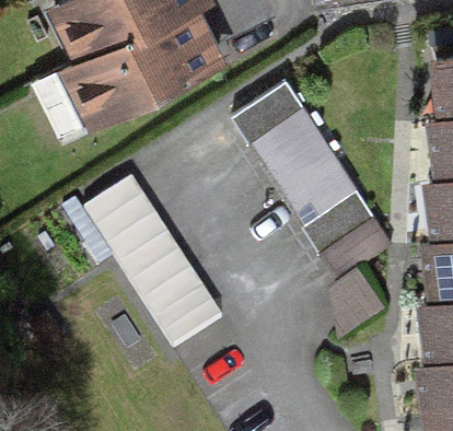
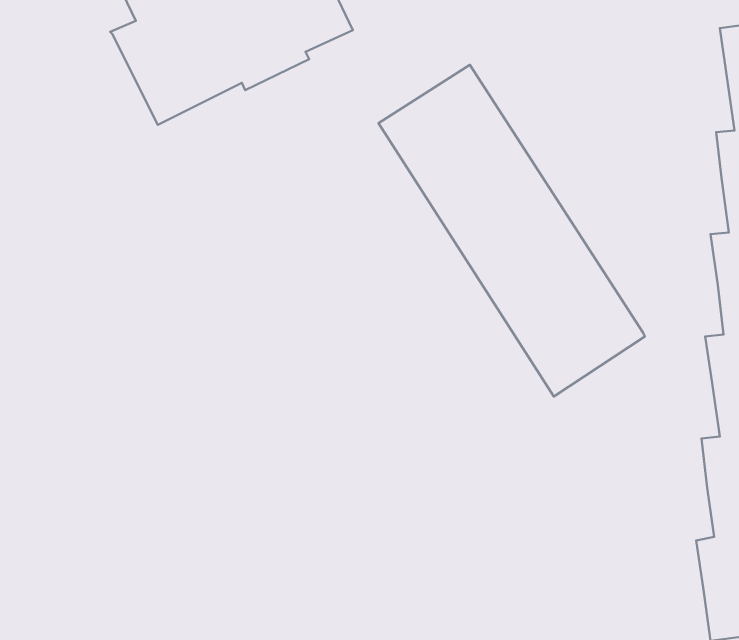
building: [88,179,223,346] -> none

